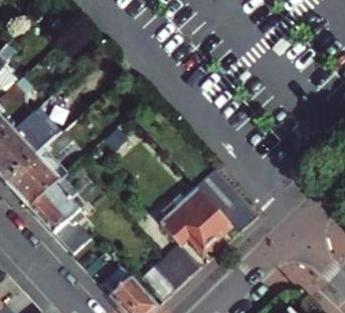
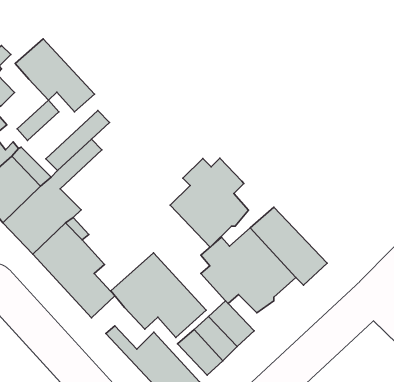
building: none -> [15,39,94,112]
building: none -> [170,158,248,247]
building: none -> [111,253,206,338]

